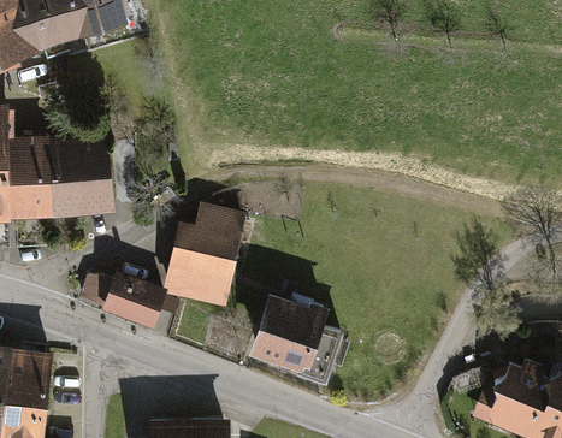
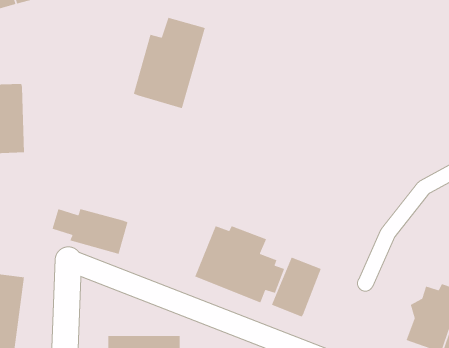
building: [51,136,113,213] -> none
building: [165,201,248,306] -> [133,17,206,109]
building: none -> [271,256,322,317]

